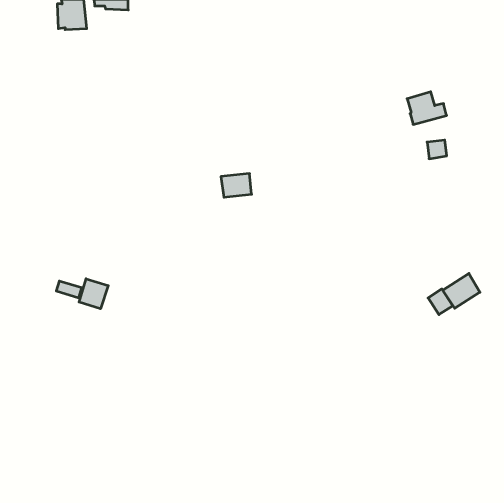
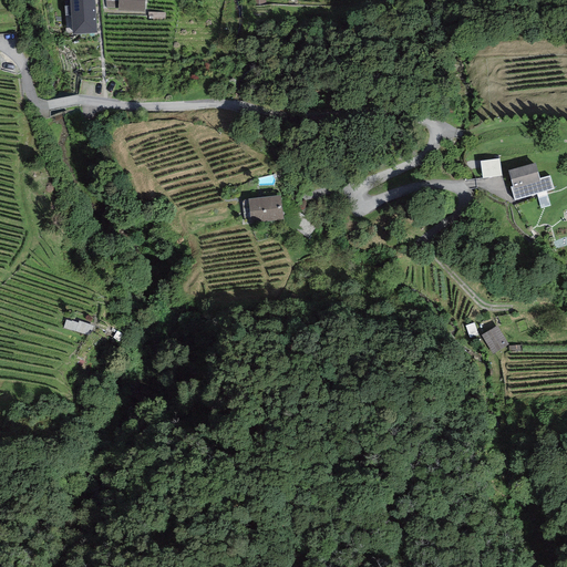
building: [407,92,447,124] -> [508,162,553,198]
building: [443,273,480,308] -> none
building: [79,279,108,309] -> none

